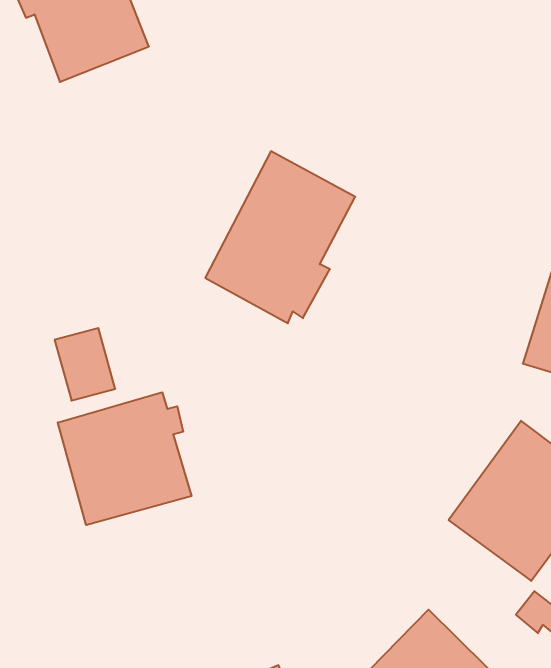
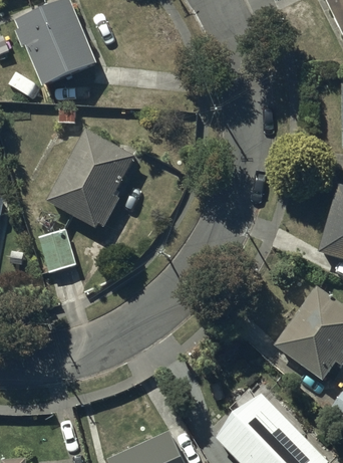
building: [205,151,355,323] -> [46,127,135,229]
building: [58,392,192,525] -> none

